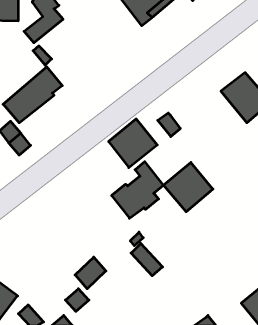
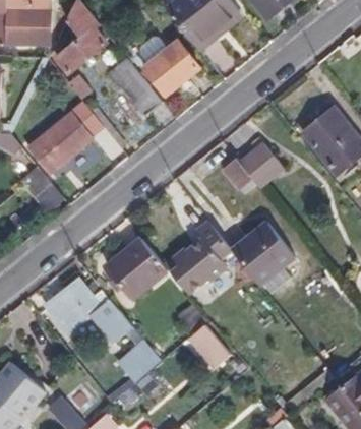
building: none -> [137,37,198,96]
building: none -> [110,58,161,114]
building: none -> [239,143,284,186]
building: [109,119,157,168] -> [107,239,168,300]
building: none -> [47,282,131,342]

